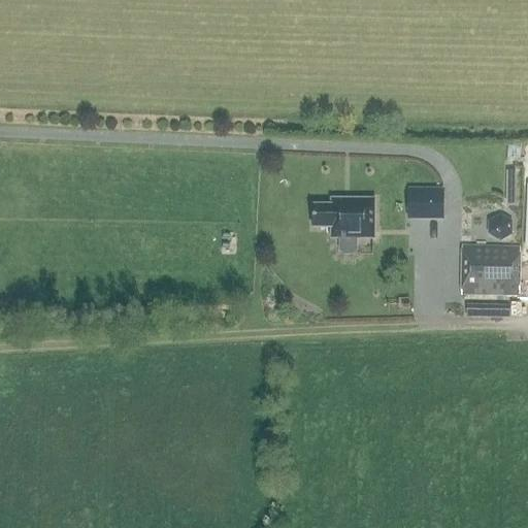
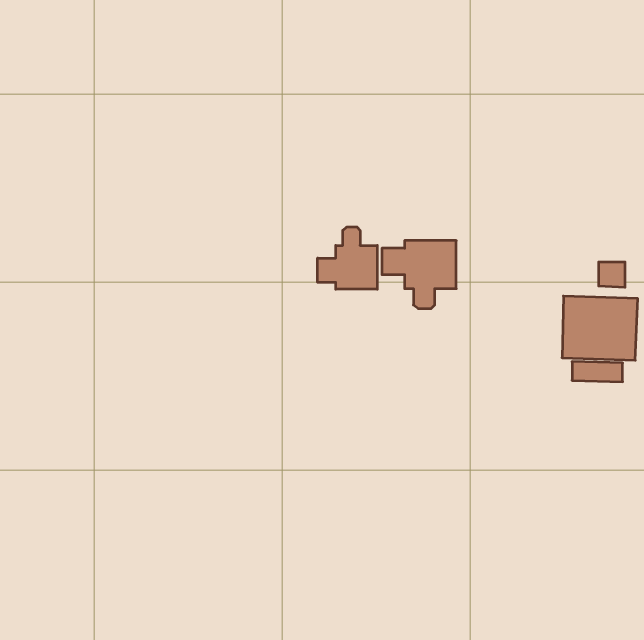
building: none -> [318,227,377,289]
building: [408,189,442,216] -> none

